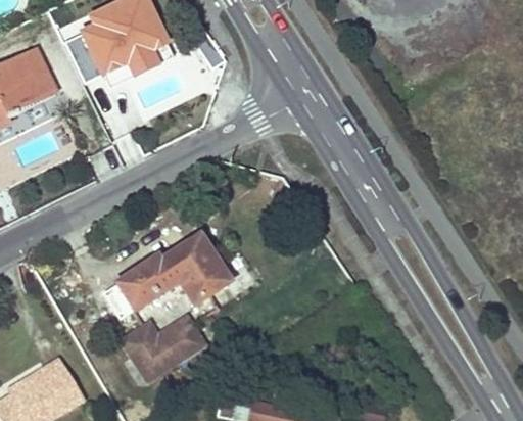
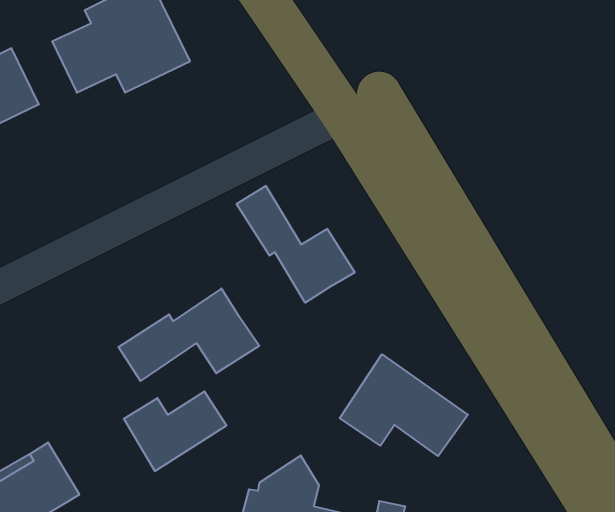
building: none -> [237,186,355,303]
building: none -> [340,354,468,456]

